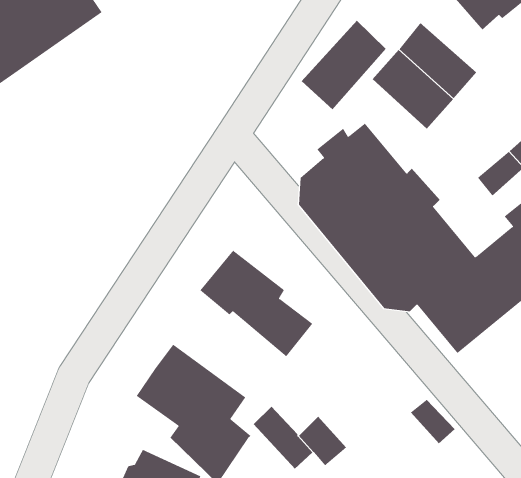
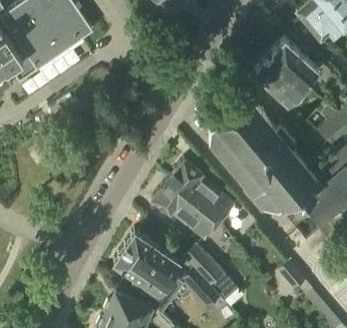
building: [301,20,386,110] -> none
building: none -> [170,159,233,219]
building: none -> [183,244,223,286]

